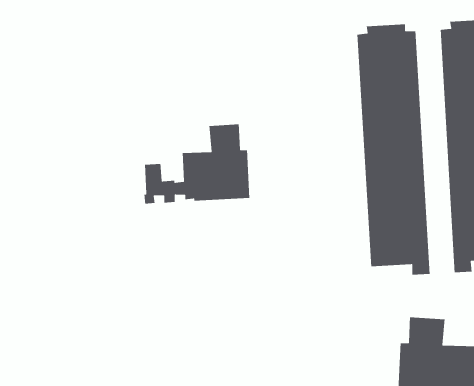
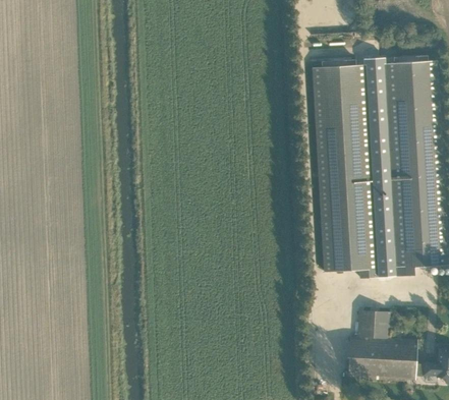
building: none -> [361,57,395,276]
building: [144,123,250,204] -> none

